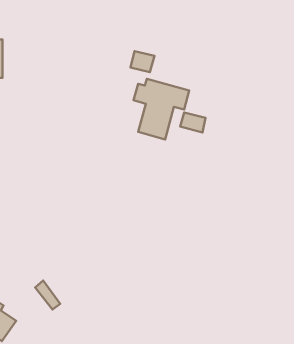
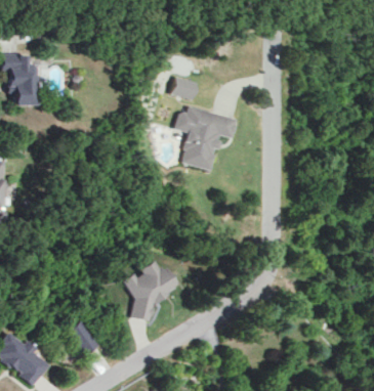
building: [180,112,206,133] -> none
building: none -> [130,264,173,320]

